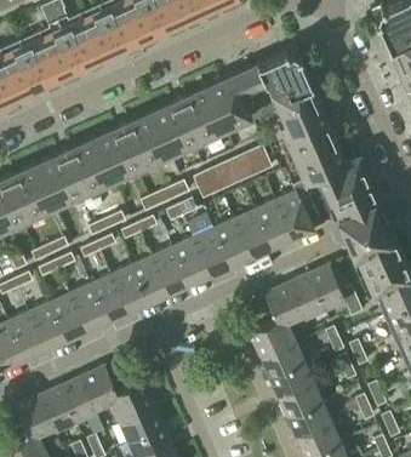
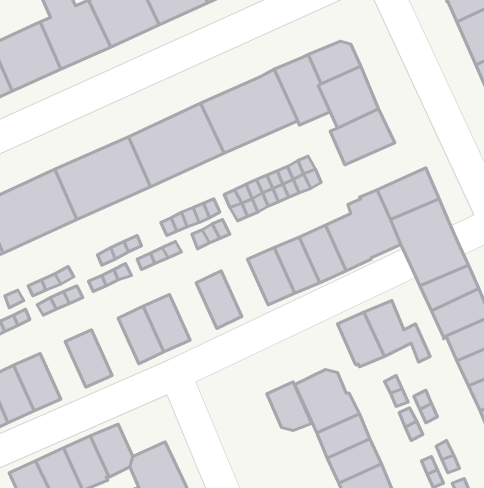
building: [291,135,344,179] -> none
building: [189,230,228,278] -> none
building: [147,250,185,297] -> none
building: [82,279,121,326] -> none
building: [263,284,301,324] -> [267,382,312,431]
building: [40,298,78,345] -> none

